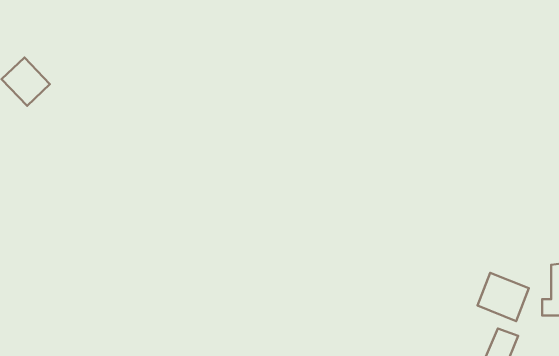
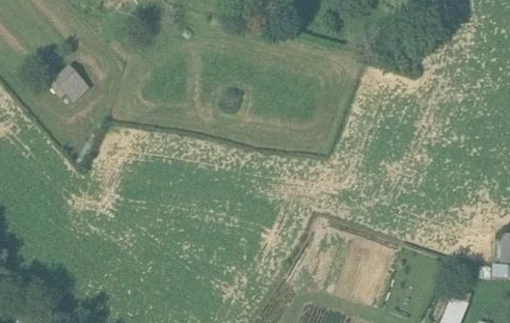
building: [477,273,529,321] -> none

